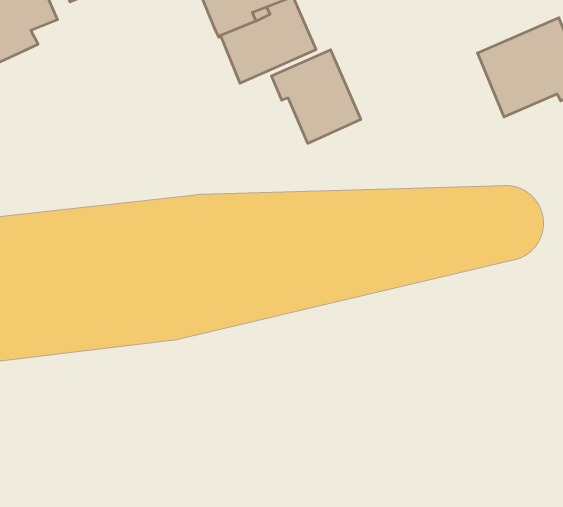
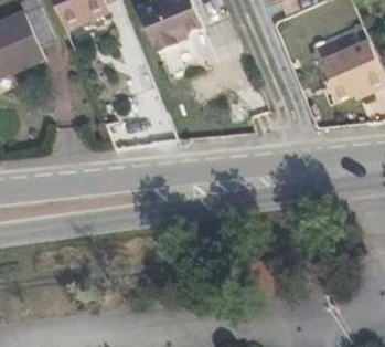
building: [271,50,361,143] -> none

